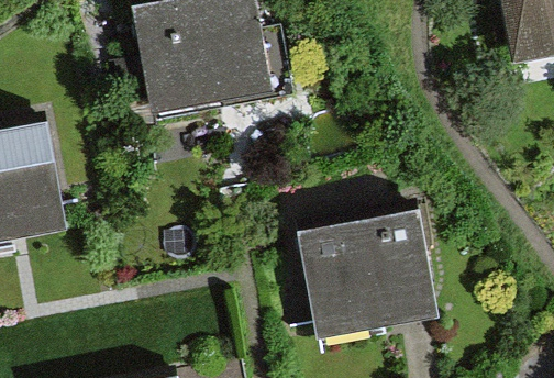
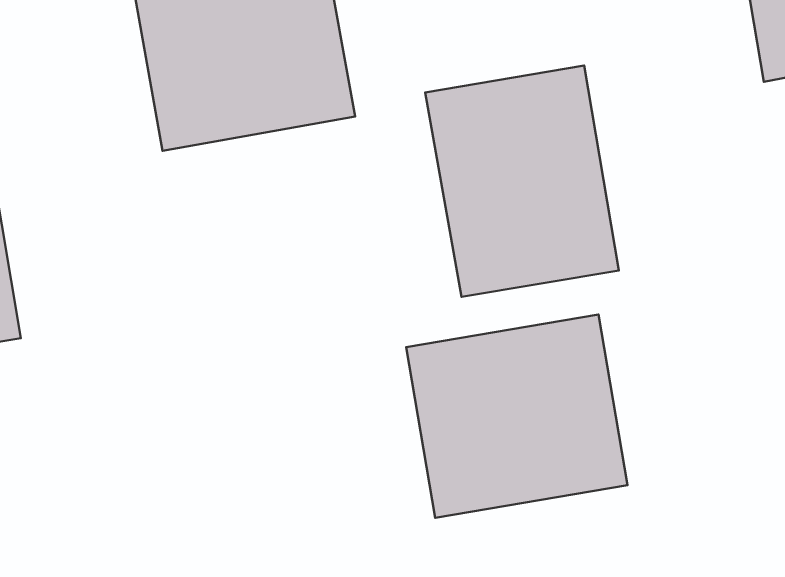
building: none -> [425,66,619,297]

